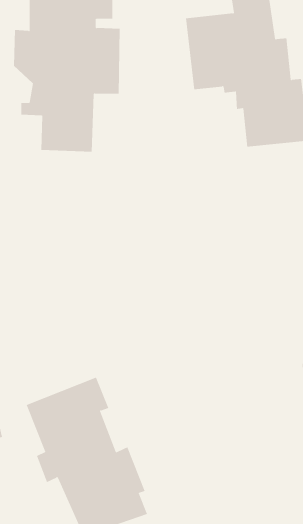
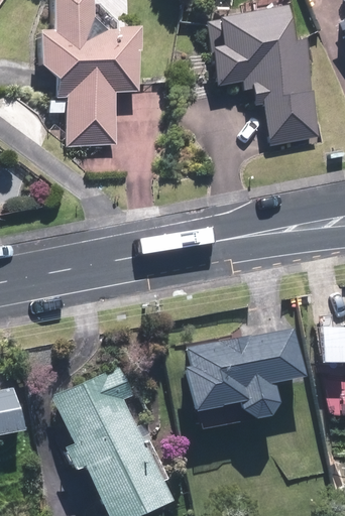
building: none -> [185,327,303,417]

